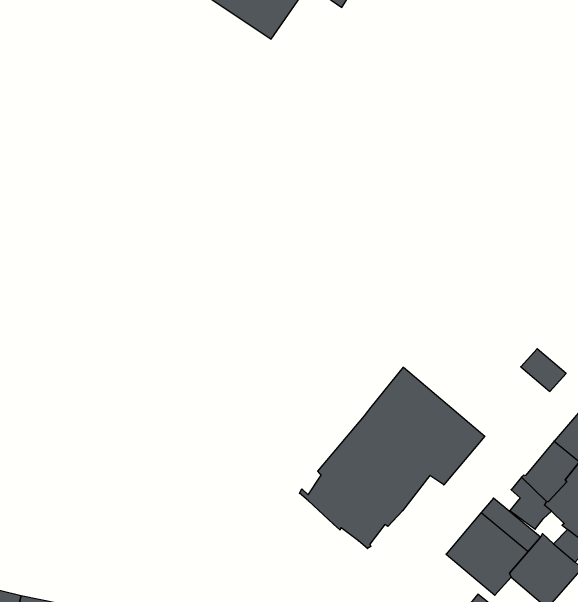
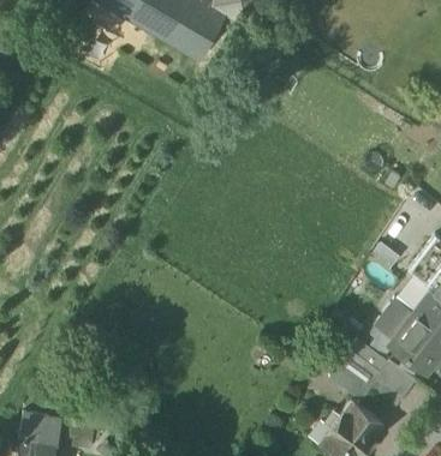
building: [299,367,485,549] -> none

